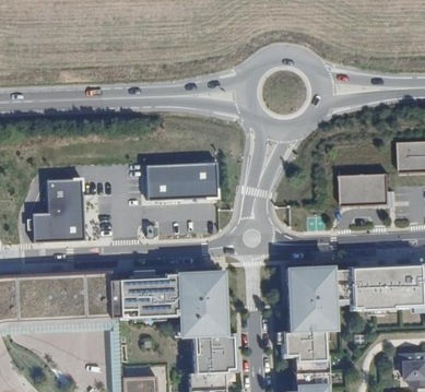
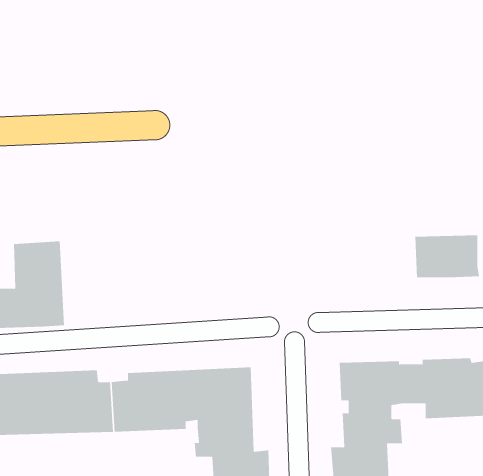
building: [146,162,217,200] -> none

